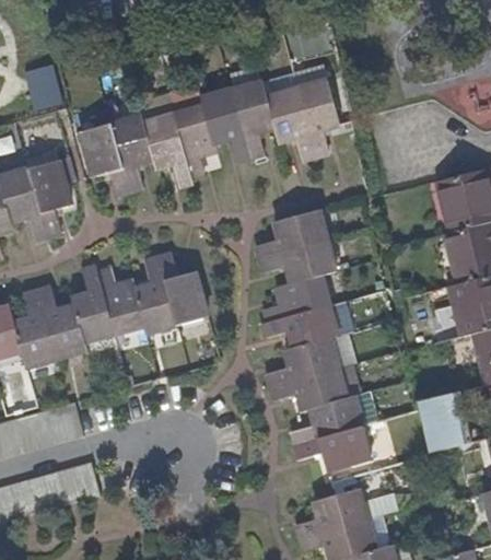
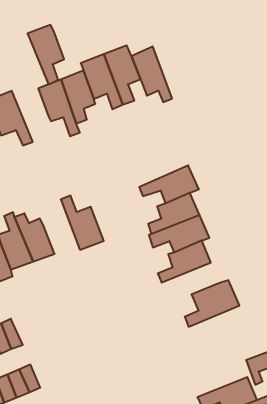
building: [297,75,341,152] -> none
building: [112,109,154,185] -> [27,25,64,84]
building: [255,210,324,259] -> none
building: [130,262,173,337] -> none
building: [271,366,344,406] -> none
building: [299,425,374,469] -> none
building: [295,486,365,535] -> none

